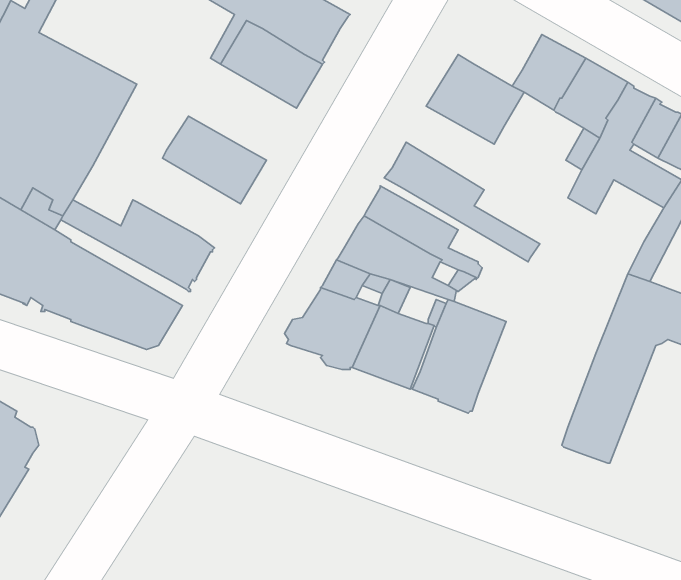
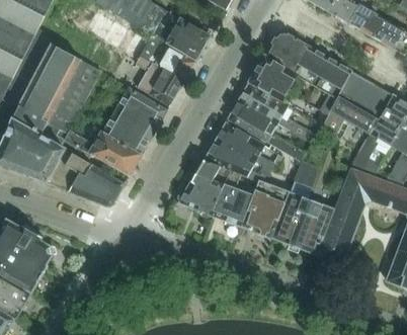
building: none -> [264,31,307,71]
building: none -> [135,57,182,104]
building: none -> [238,81,316,143]
building: none -> [101,107,154,153]
building: none -> [271,158,334,253]

